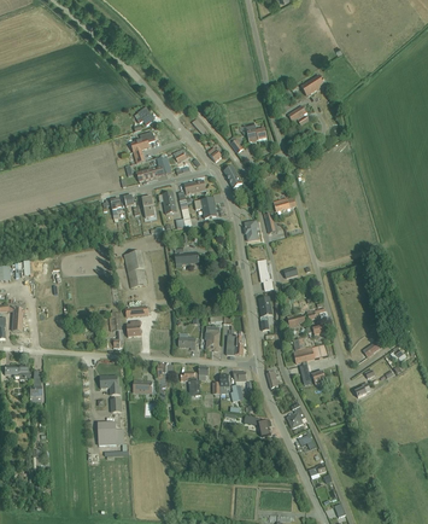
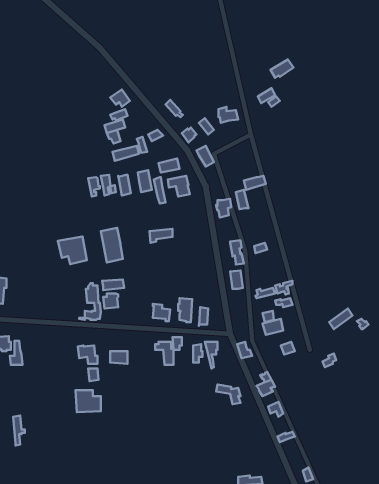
building: none -> [58,236,87,264]

